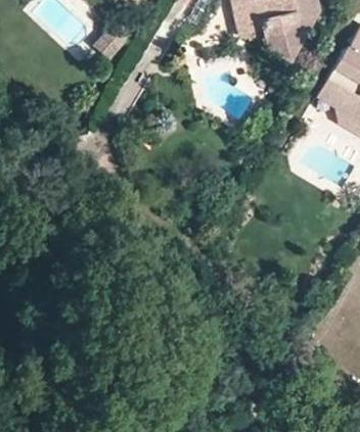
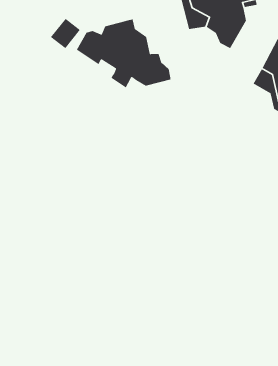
building: none -> [76,18,171,88]

